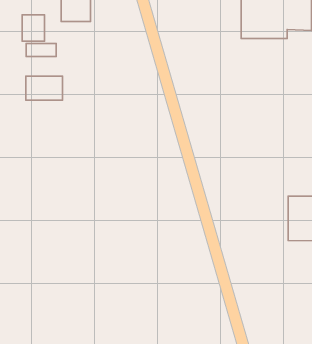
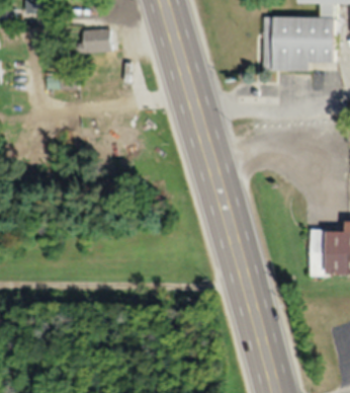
building: [22,15,44,41] -> none
building: [26,76,63,100] -> none

